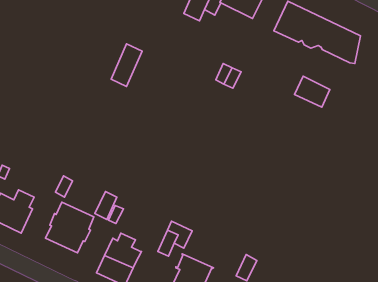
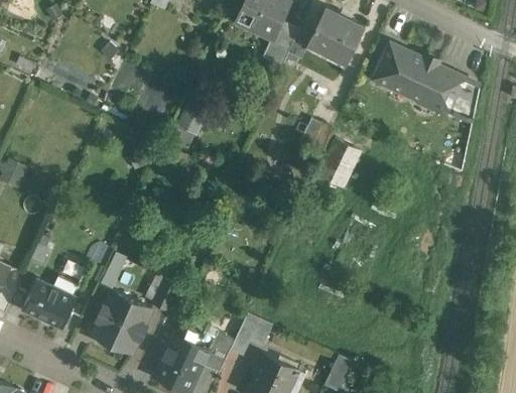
building: [295,76,330,107] -> none
building: none -> [316,138,360,187]
building: none -> [203,333,233,372]

